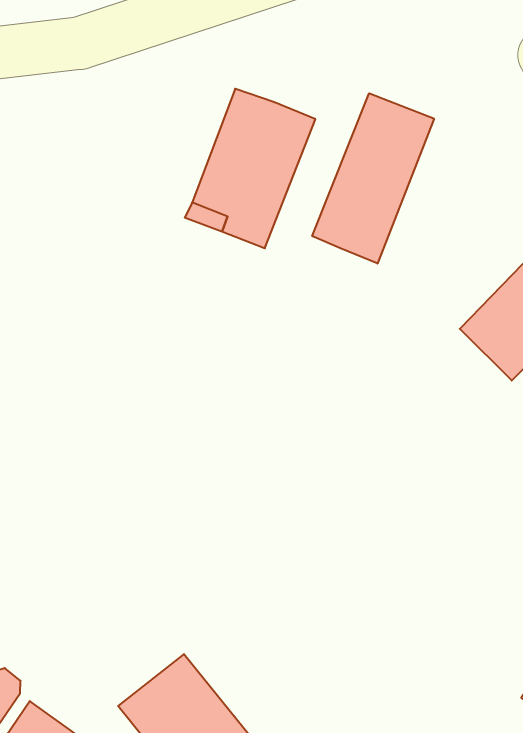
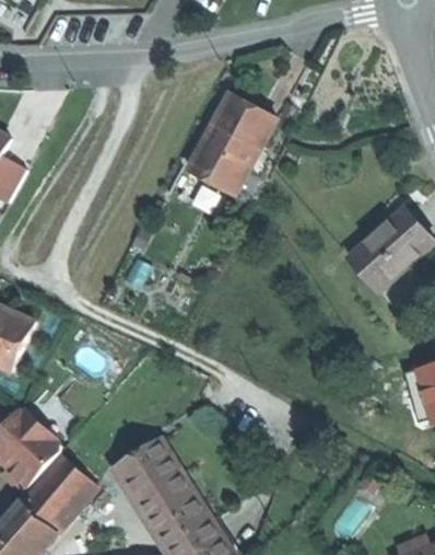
building: [312,93,434,264] -> none

